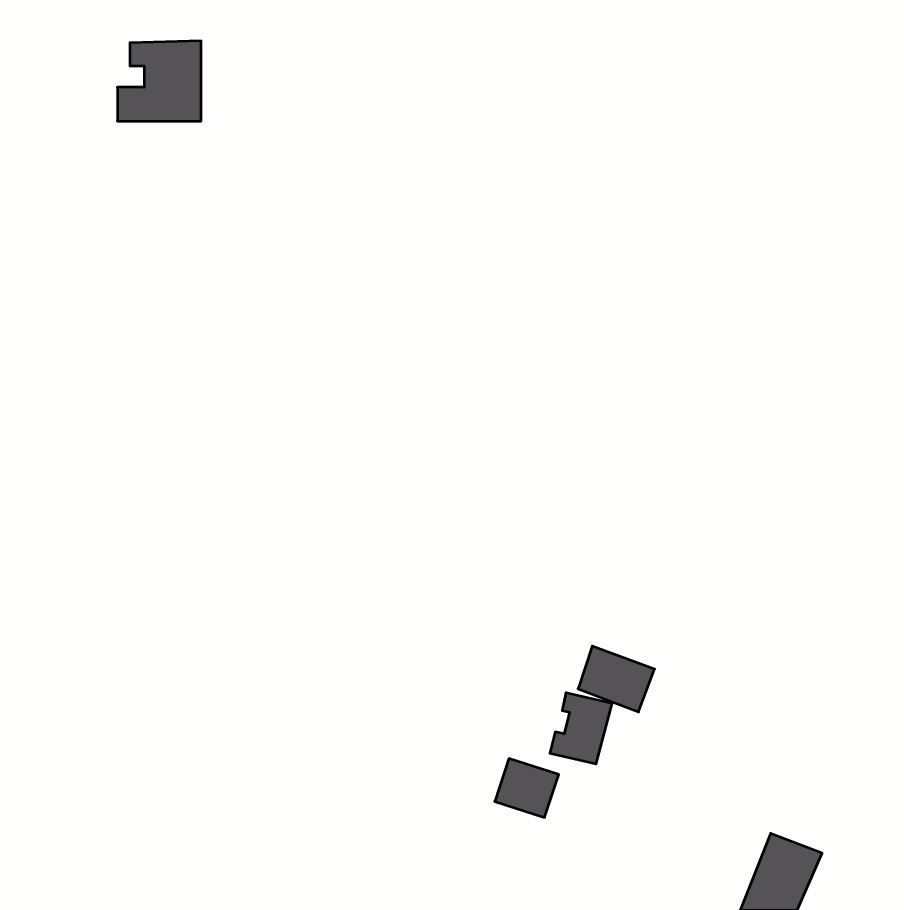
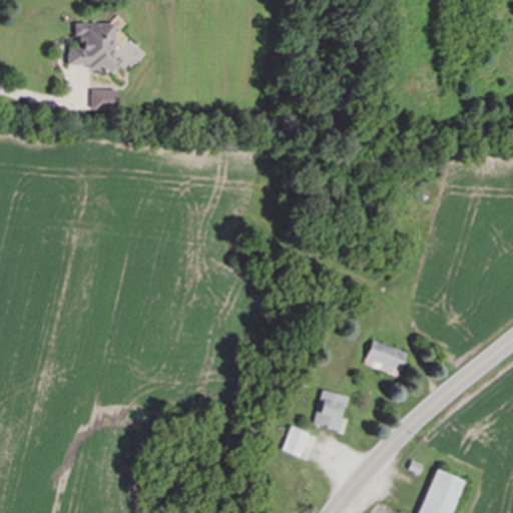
building: none -> [92,90,118,108]
building: [578,646,655,712] -> [365,340,408,377]

